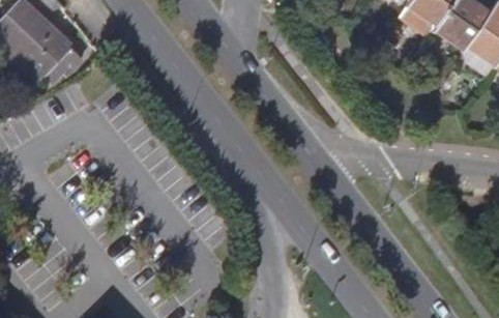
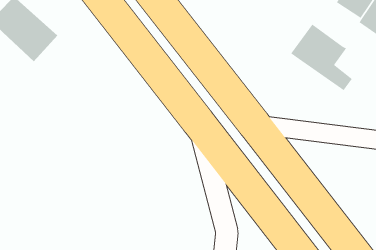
building: none -> [290,24,353,91]

